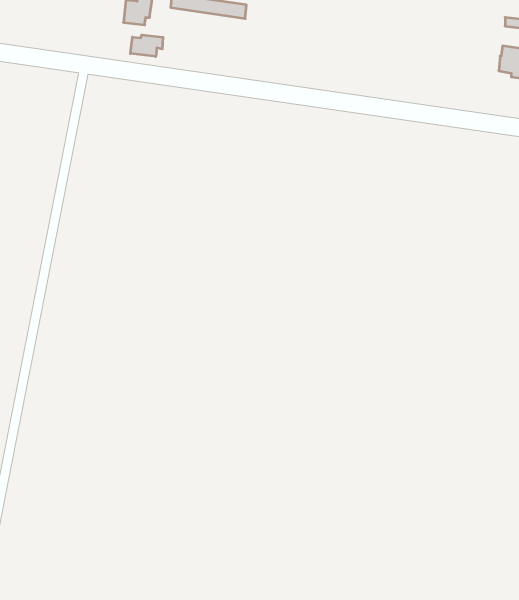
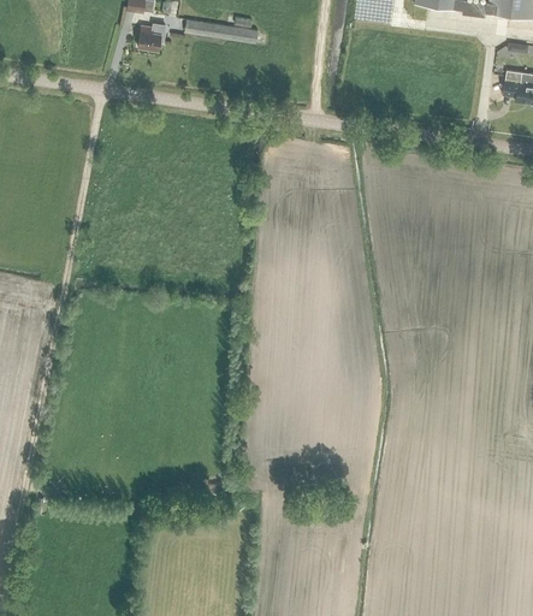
building: [130,35,163,57] -> none

